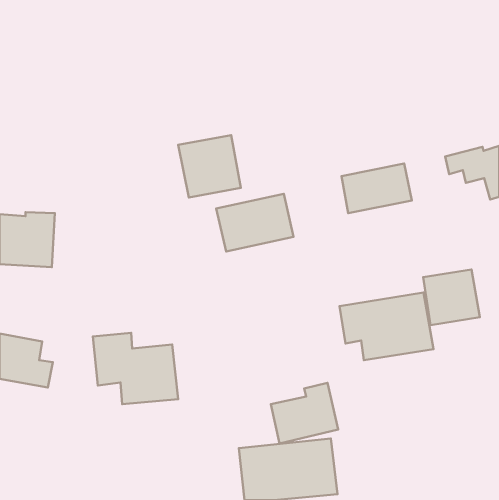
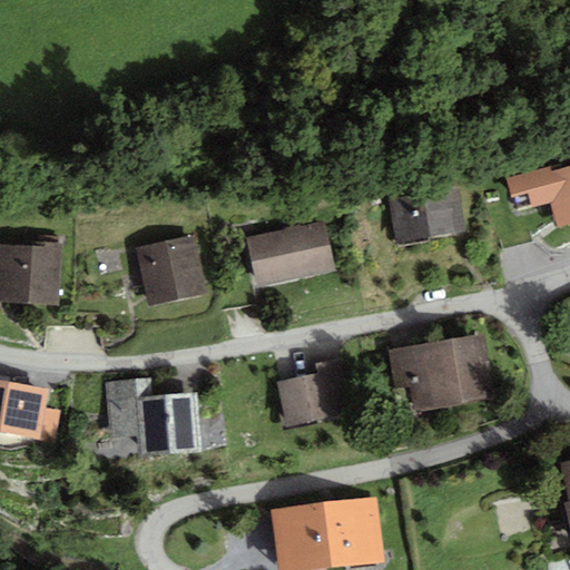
building: [178,135,241,198] -> [134,235,205,306]
building: [423,270,480,325] -> none
building: [271,383,338,443] -> [276,357,353,426]

